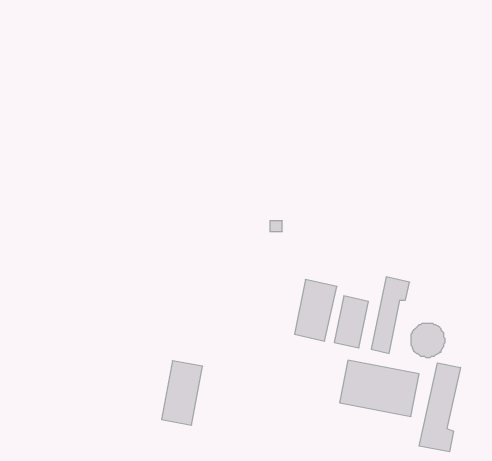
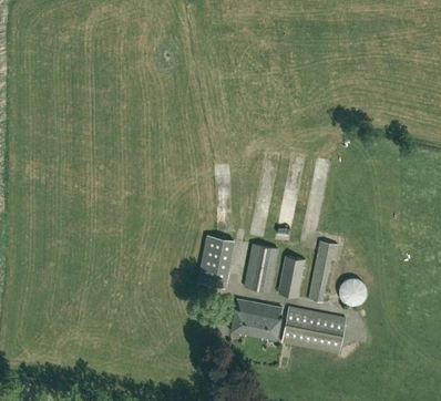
building: none -> [230,298,283,339]
building: [162,361,203,425] -> [198,236,232,288]
building: [419,363,460,452] -> none

